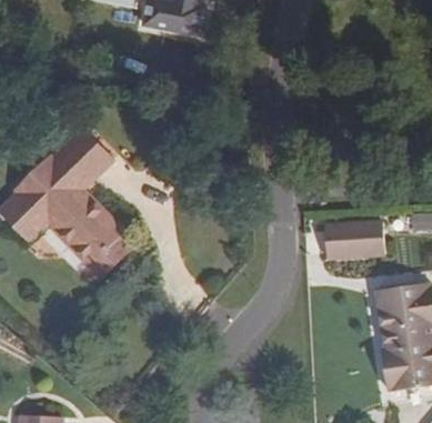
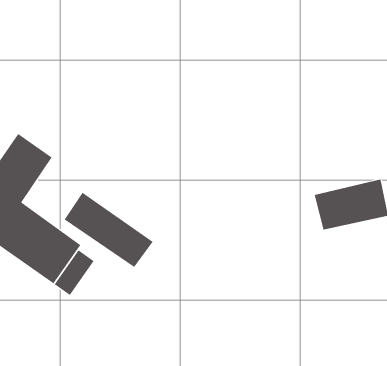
building: none -> [64,192,153,268]

